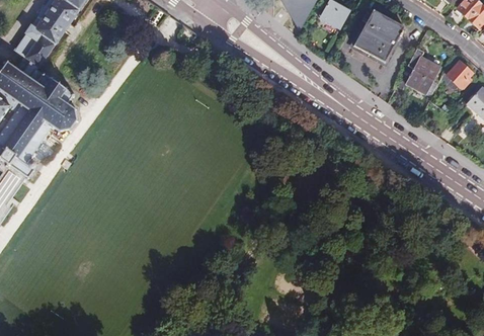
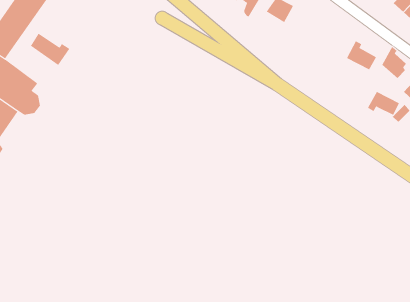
building: [353,8,404,62] -> none
building: none -> [30,33,70,66]
building: [396,67,431,93] -> [367,91,400,115]

